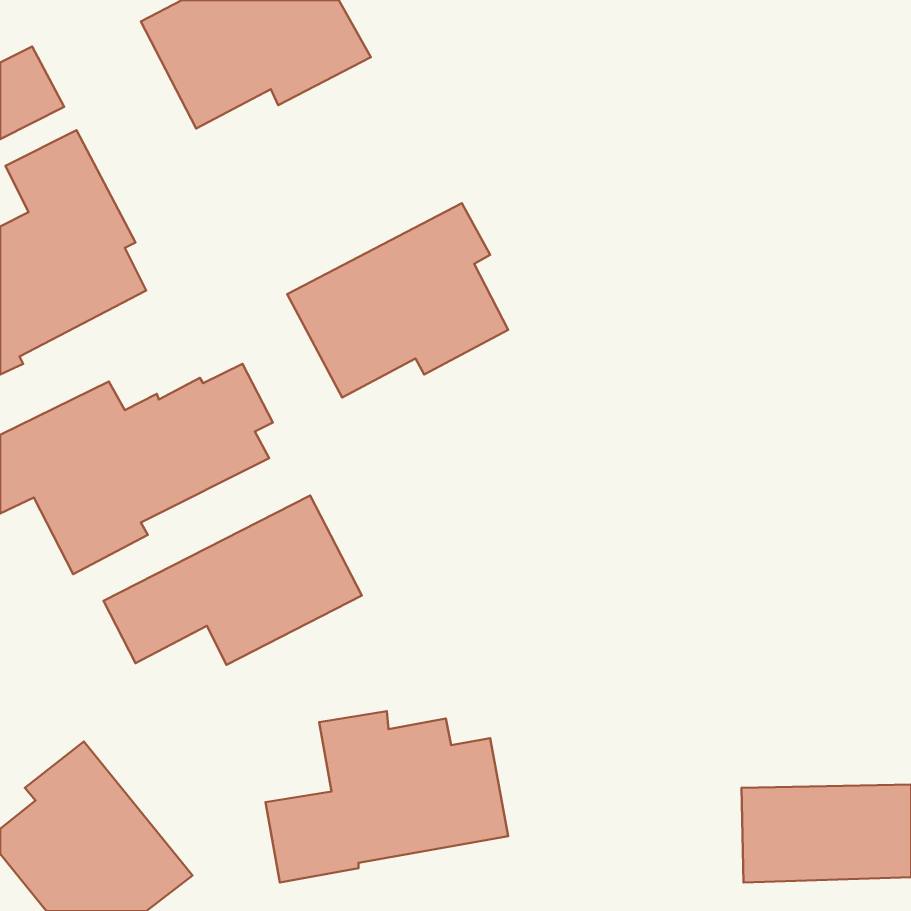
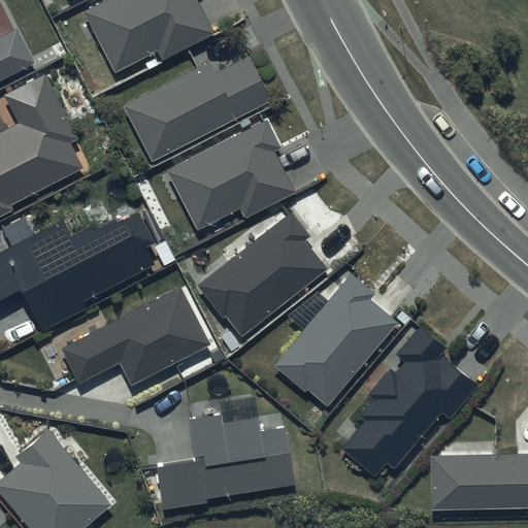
building: none -> [124,56,271,162]
building: none -> [197,211,328,336]
building: none -> [274,273,398,409]
building: none -> [340,327,478,476]

